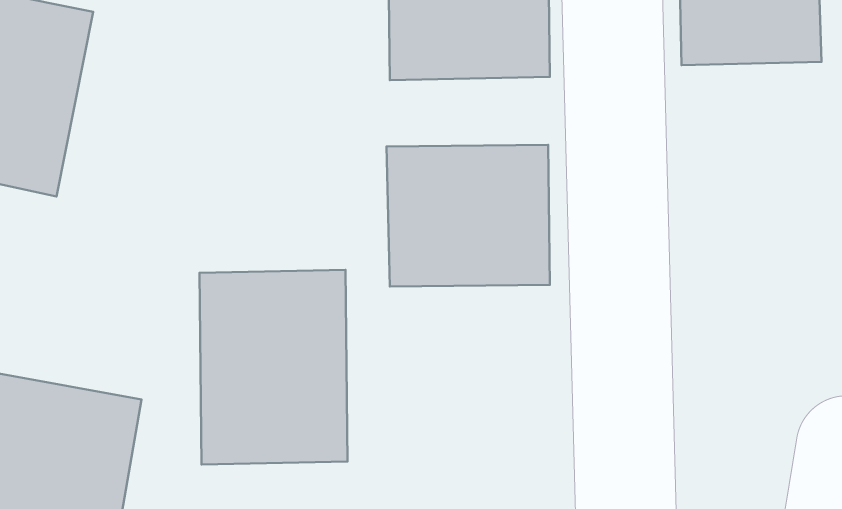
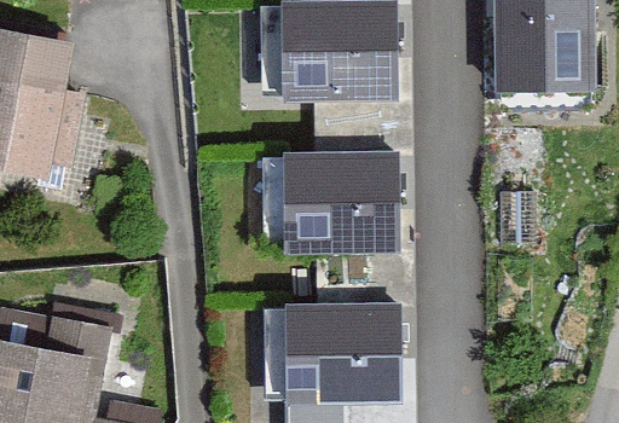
building: [200,270,347,465] -> none
building: none -> [284,302,401,405]

